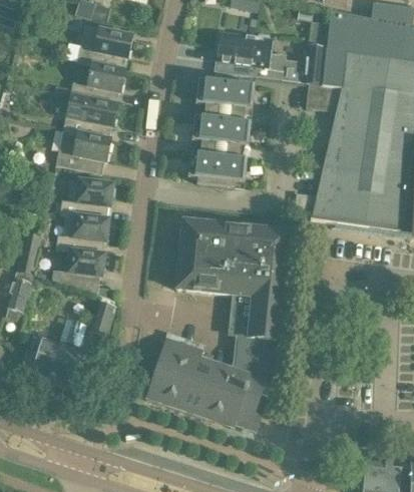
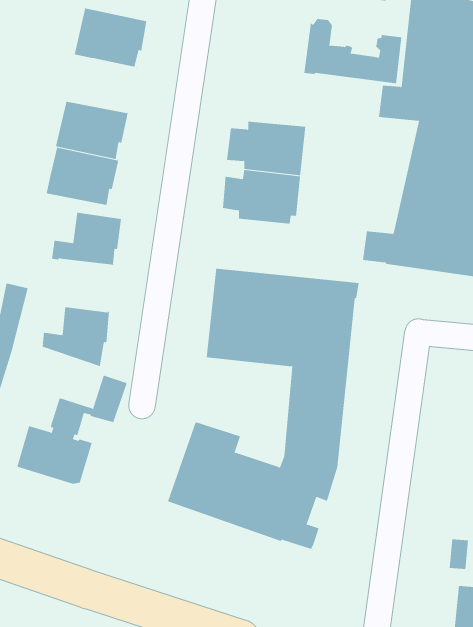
building: [216,31,255,73] -> none
building: [55,62,125,103] -> none
building: [195,77,255,113] -> none
building: [56,212,109,253] -> none

